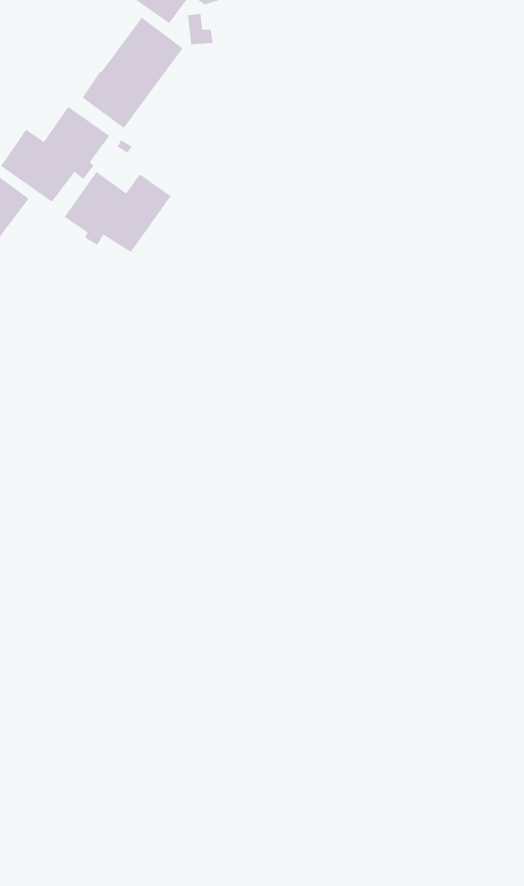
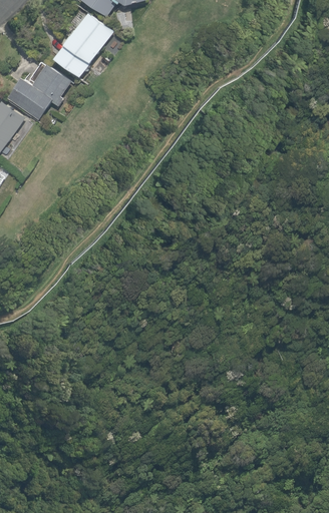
building: [64,171,172,253] -> none

